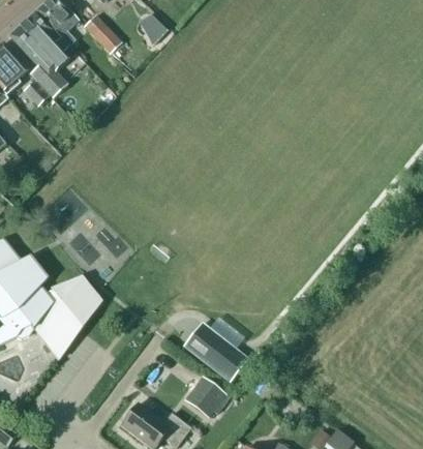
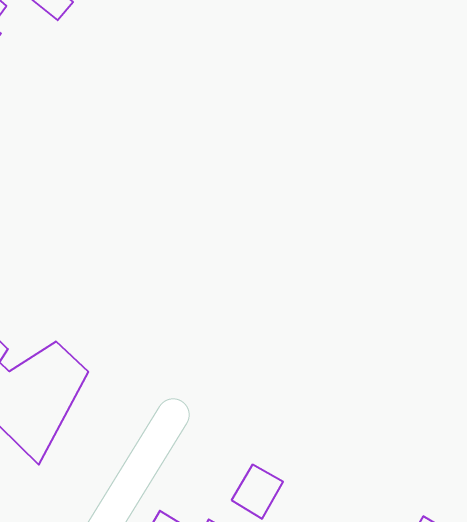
building: [186,323,247,380] -> none

